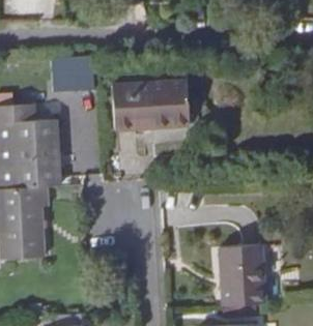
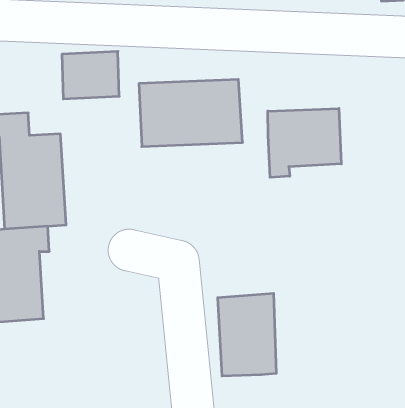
building: none -> [268,108,341,177]
building: [218,247,261,308] -> [218,293,276,376]

